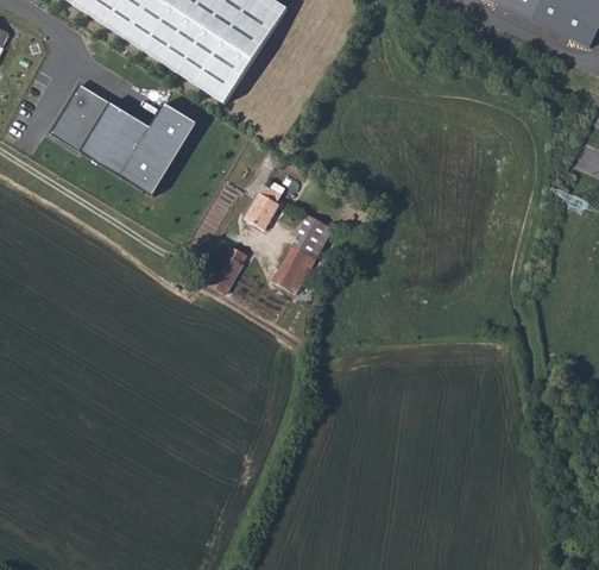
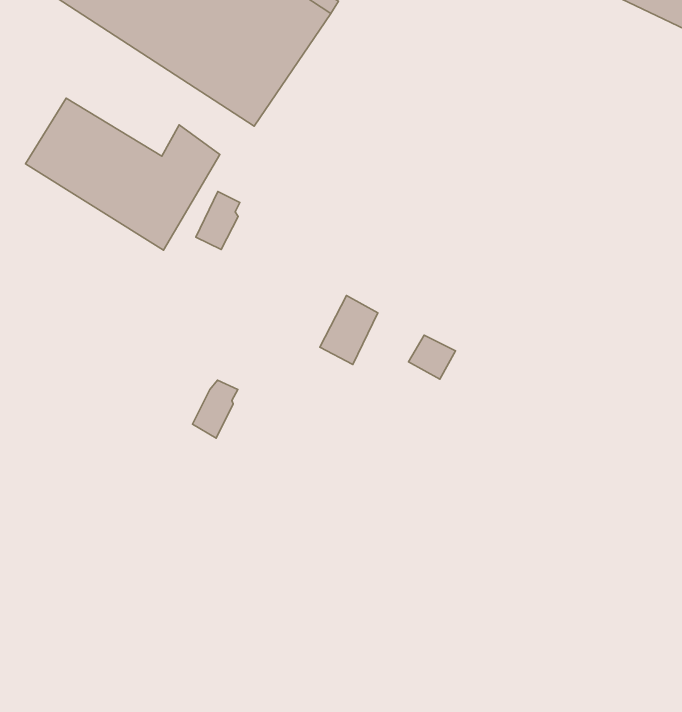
building: [245,181,278,225] -> [196,192,240,250]
building: [294,212,329,245] -> [408,335,455,379]
building: [209,246,244,290] -> [193,380,238,438]

